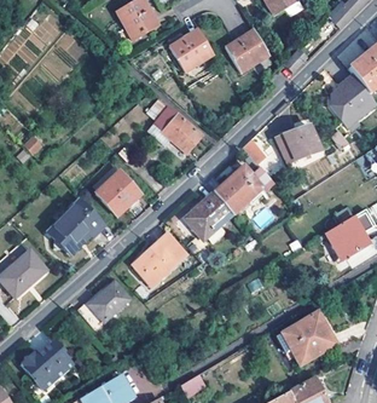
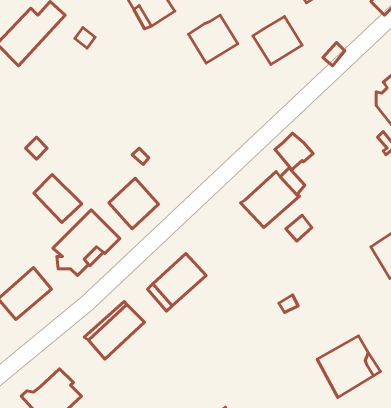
building: [150,98,204,151] -> none
building: [285,126,324,160] -> none
building: none -> [34,175,82,222]
building: [185,192,234,240] -> none

